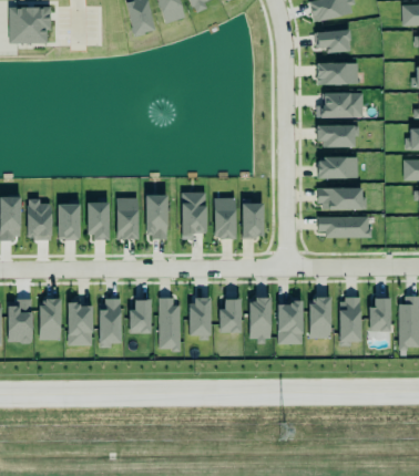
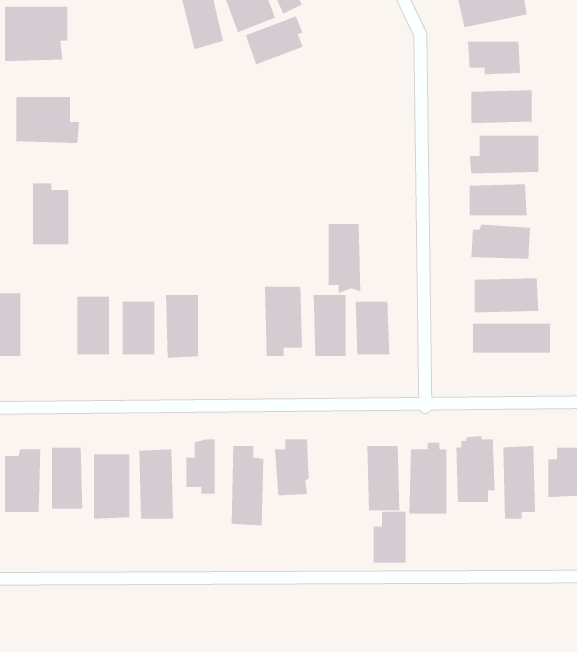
building: none -> [245,15,303,65]
building: none -> [16,96,80,144]
building: [145,190,167,237] -> [328,223,361,294]
building: [28,199,52,240] -> [32,183,69,245]
building: [219,299,242,333] -> [373,511,406,563]

